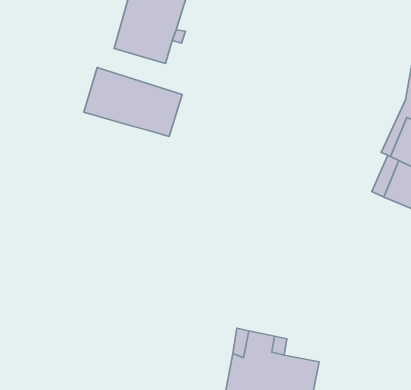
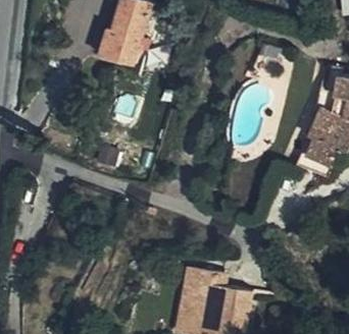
building: [84,68,182,137] -> none

